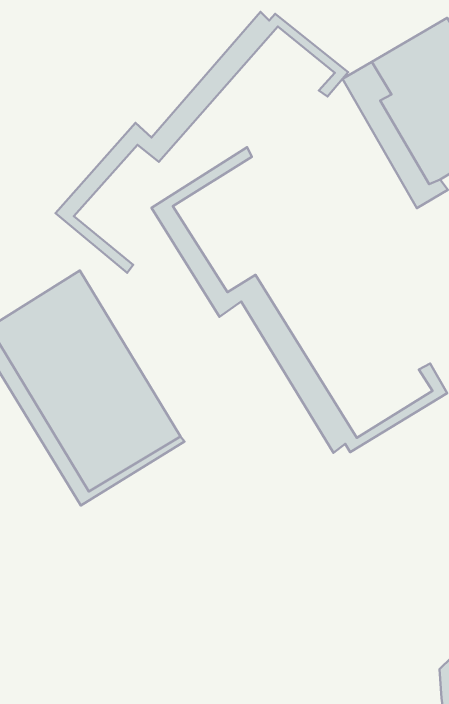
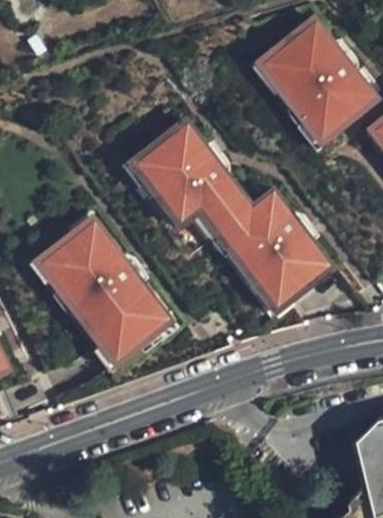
building: [56,12,348,273] -> none
building: none -> [143,123,334,303]

